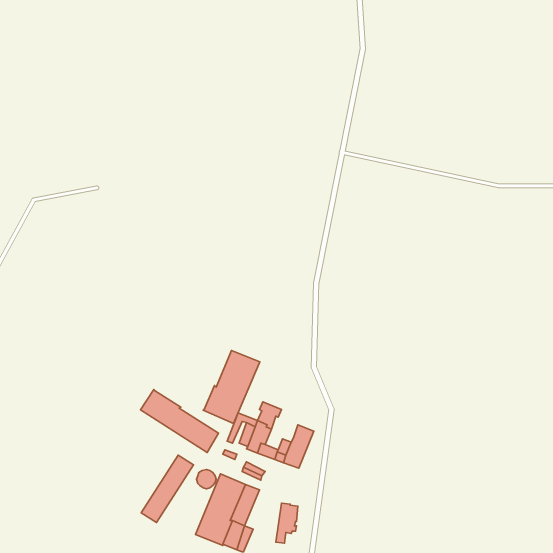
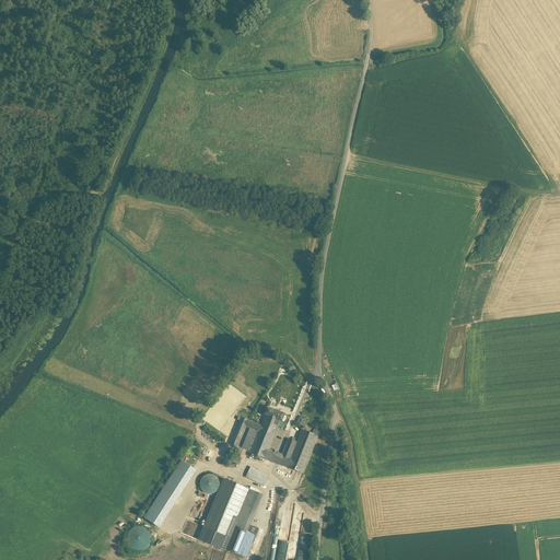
building: [203,350,260,423] -> none
building: [140,389,219,452] -> none
building: none -> [125,525,149,548]

